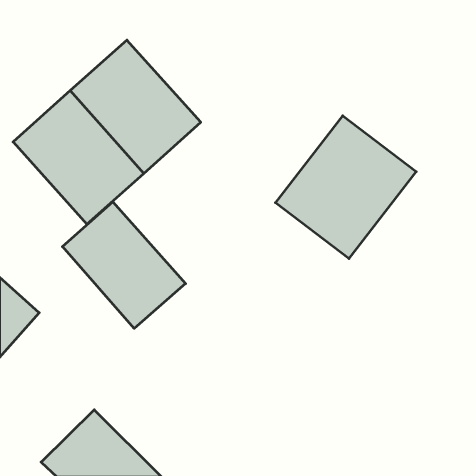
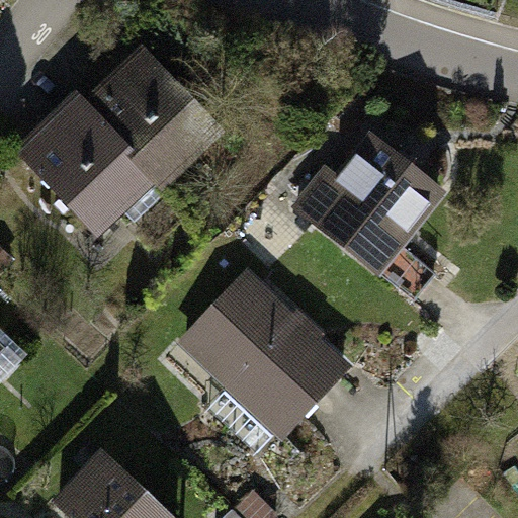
building: [62,202,186,328] -> none
building: none -> [176,268,349,438]

